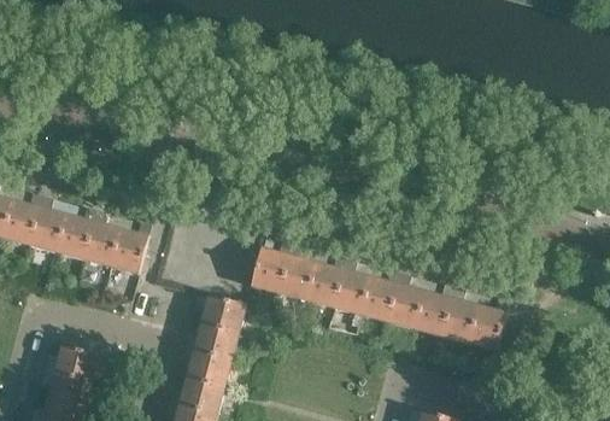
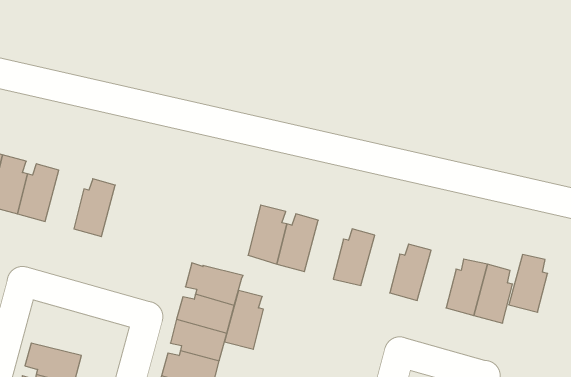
building: [58,204,95,261] -> none
building: [112,218,151,275] -> none
building: [307,252,345,309] -> [225,290,263,349]
building: [362,267,399,322] -> none
building: [416,281,453,337] -> [509,255,548,312]
building: [45,345,100,382] -> none

